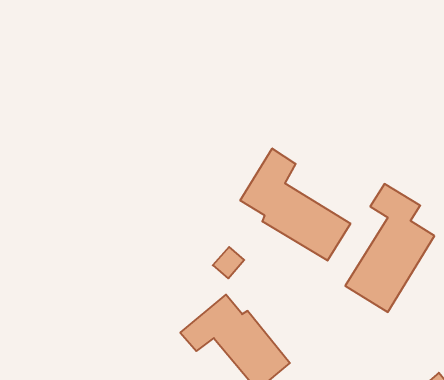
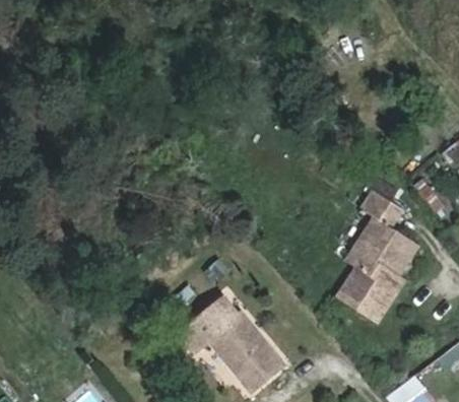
building: [240,148,350,261] -> none

